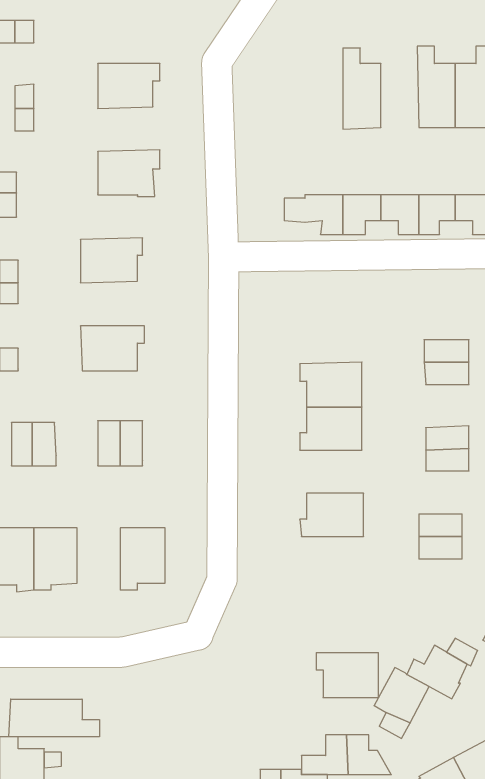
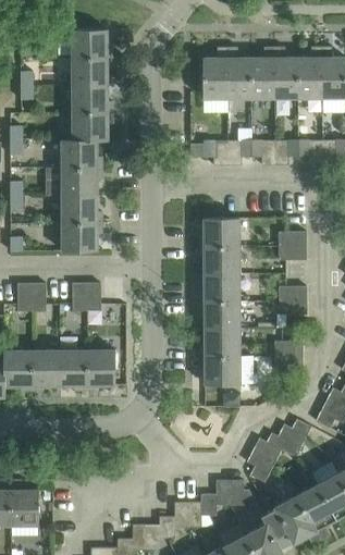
building: none -> [72,29,111,58]
building: none -> [250,47,274,98]
building: none -> [202,48,226,99]
building: none -> [72,85,111,113]
building: none -> [61,139,100,169]
building: none -> [61,195,101,223]
building: none -> [199,218,238,247]
building: none -> [199,301,239,329]
building: none -> [59,350,86,390]
building: [316,653,378,698] -> [200,356,239,384]
building: [9,699,99,737] -> none

